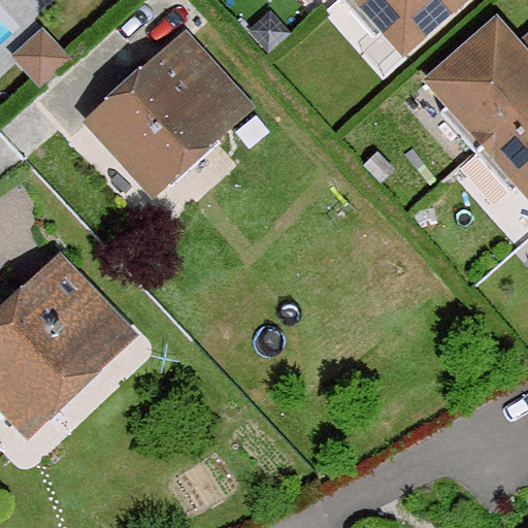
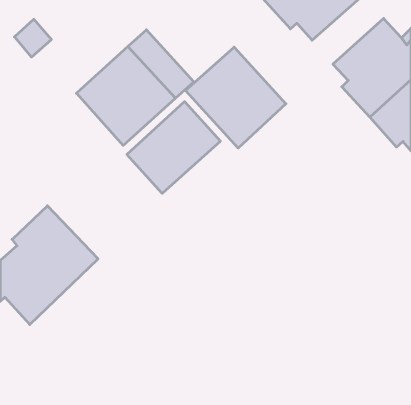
building: none -> [186,47,286,148]
building: none -> [127,102,220,193]

